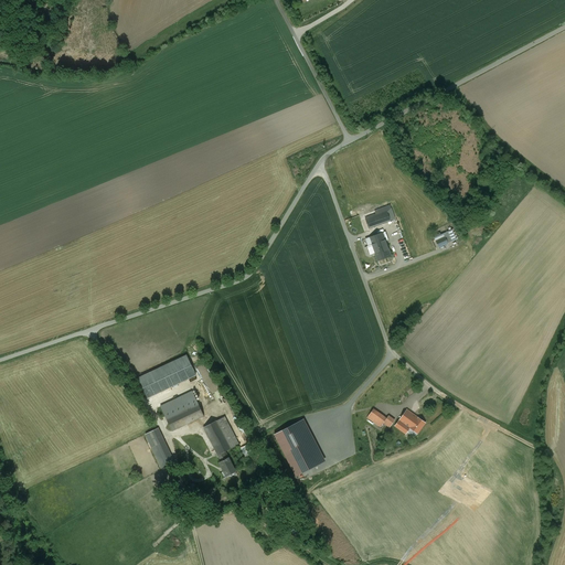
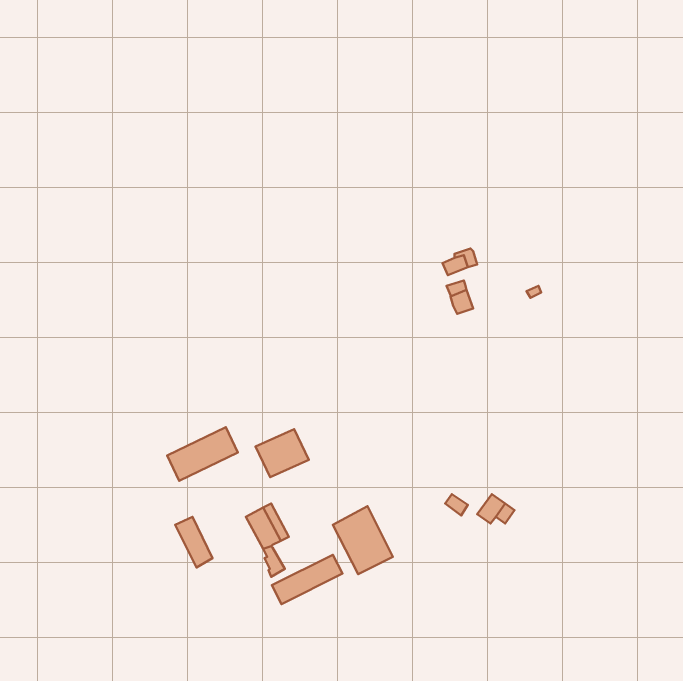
building: [160,390,204,429] -> [255,429,309,477]
building: none -> [272,555,342,604]

